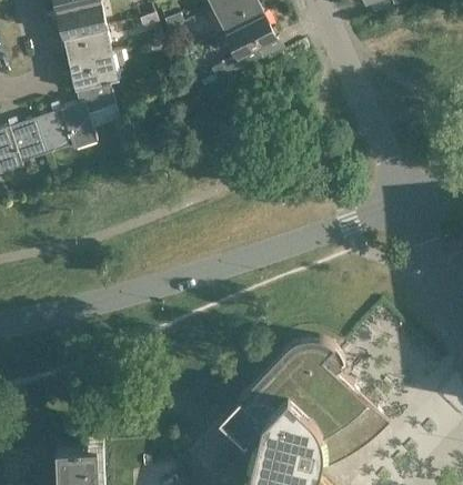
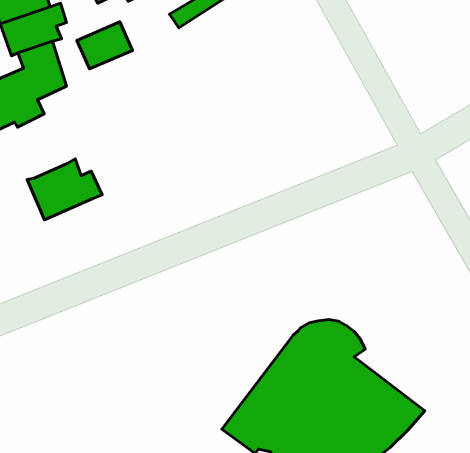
building: none -> [77,22,133,69]
building: none -> [27,159,102,220]

